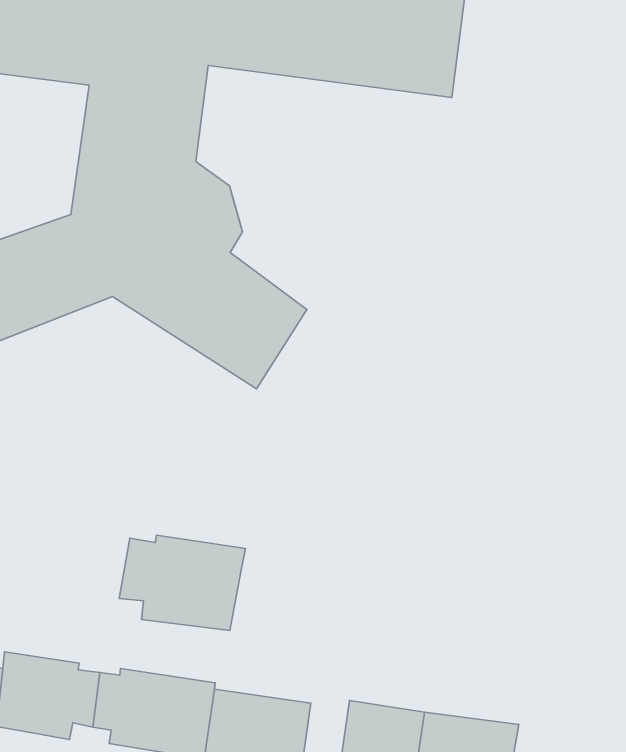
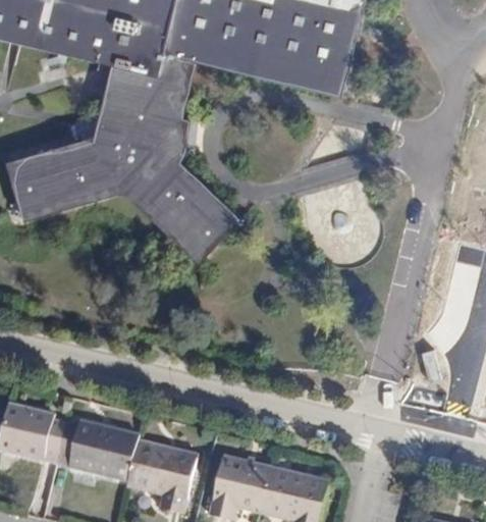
building: [119,535,246,630] -> none

